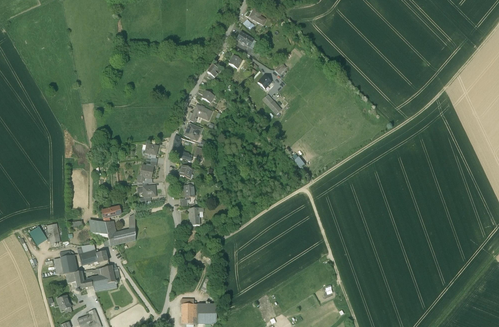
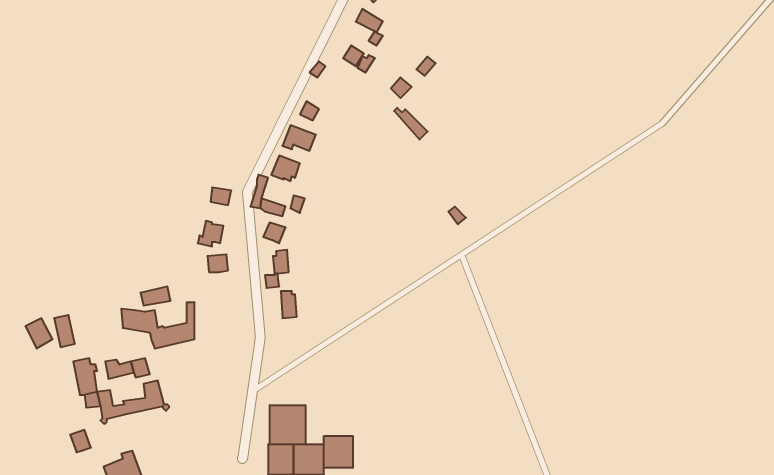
building: none -> [270,405,305,444]
building: none -> [324,436,353,468]

